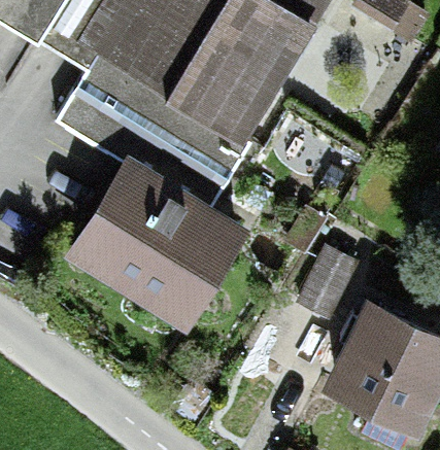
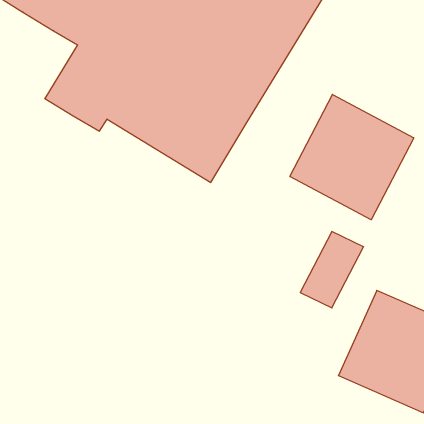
building: none -> [290,94,414,220]
building: [77,171,238,324] -> none

